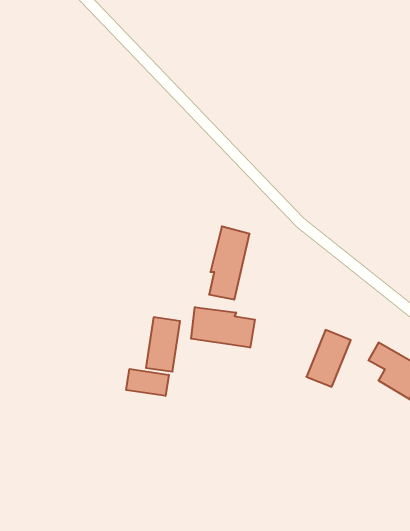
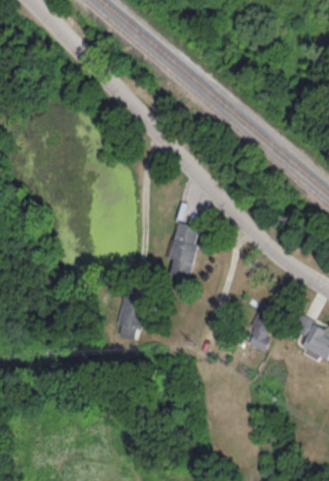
building: [191,307,255,348] -> none
building: [126,369,169,396] -> none

